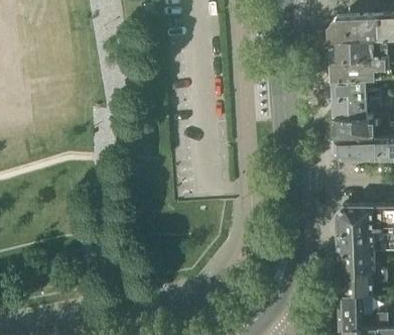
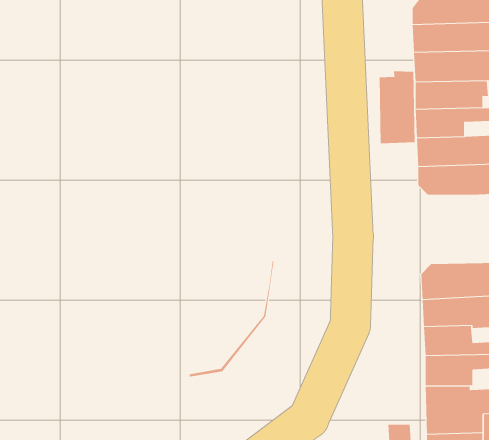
building: none -> [379,71,415,144]

